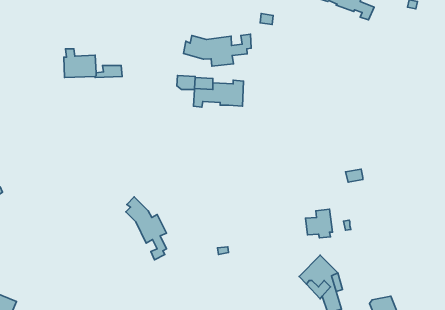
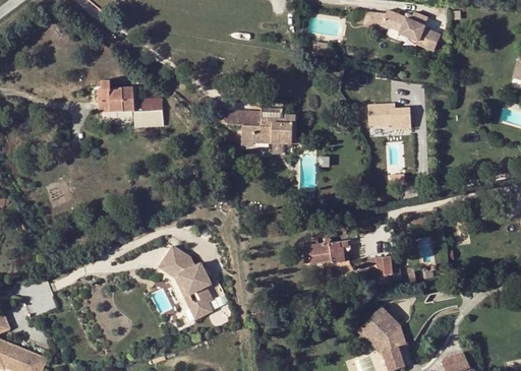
building: [183,34,251,66] -> none
building: none -> [367,103,411,128]
building: none -> [133,111,163,127]
building: none -> [302,241,346,264]
building: none -> [160,251,212,318]

